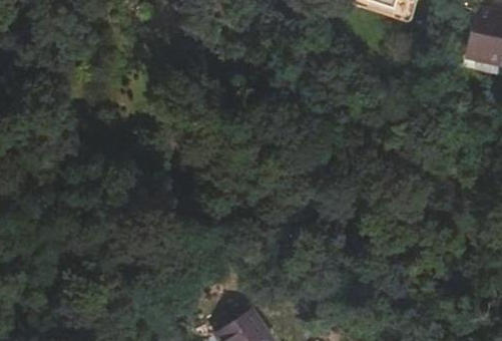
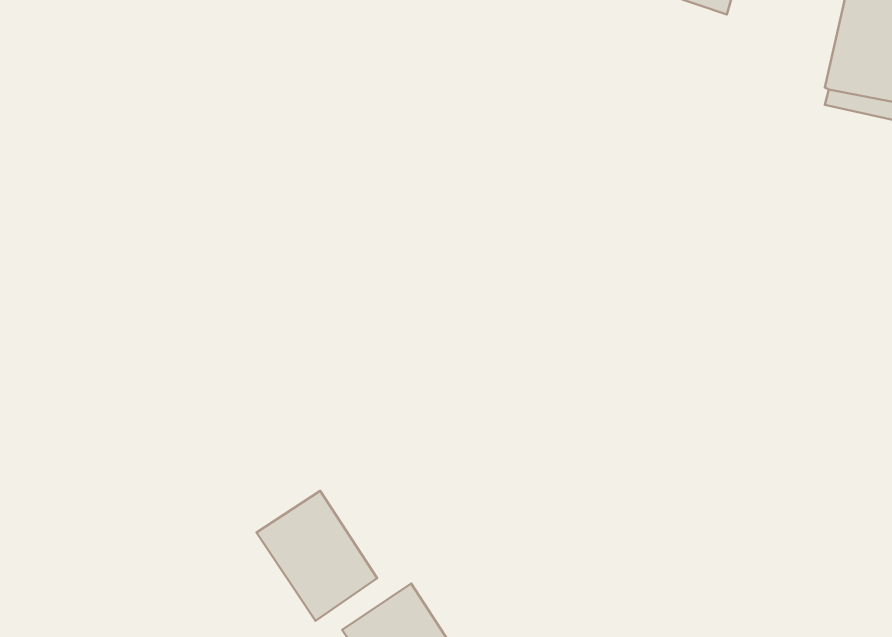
building: none -> [257,491,377,621]

